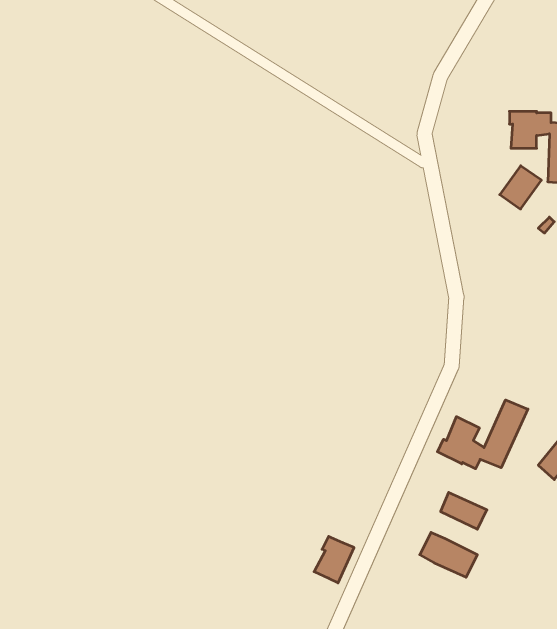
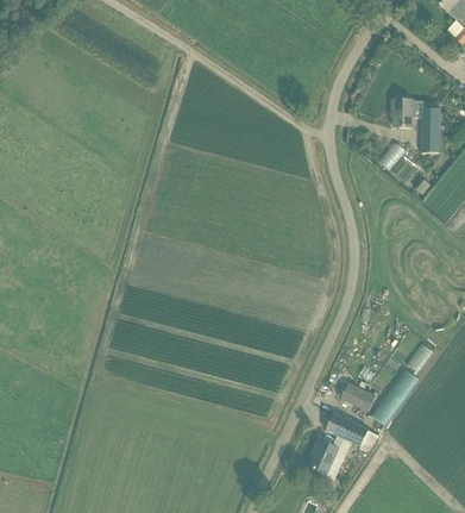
building: [437,400,528,469] -> none
building: [314,536,354,583] -> [307,439,337,474]

